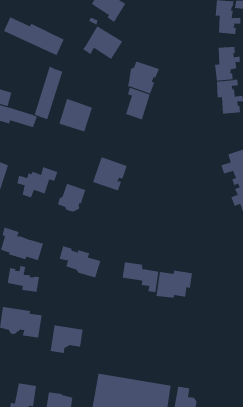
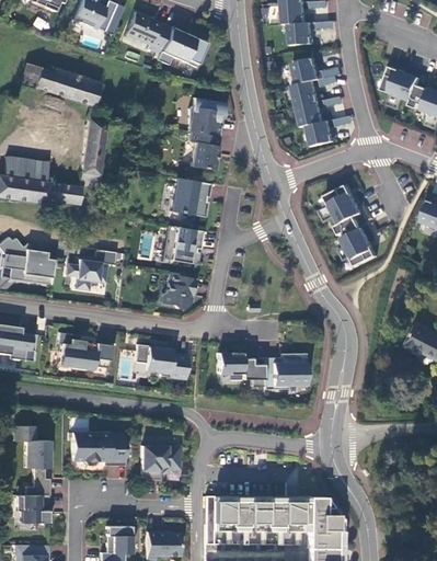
building: [82,25,123,60] -> [158,27,208,68]
building: [58,98,93,132] -> [172,178,212,217]
building: [57,183,86,212] -> [163,274,197,309]
building: [7,265,39,293] -> none

